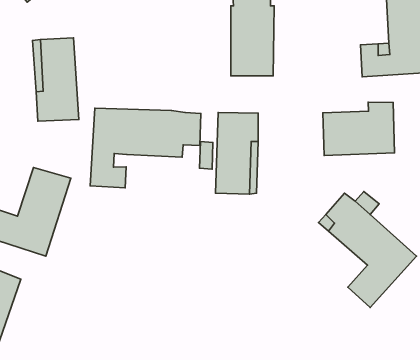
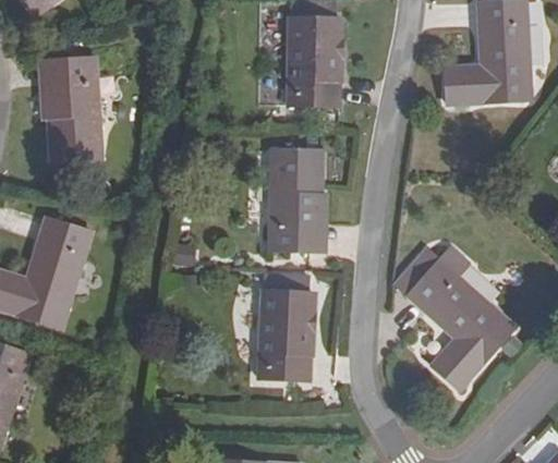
building: [323,102,395,155] -> none
building: [90,108,201,188] -> none
building: none -> [257,273,315,379]

